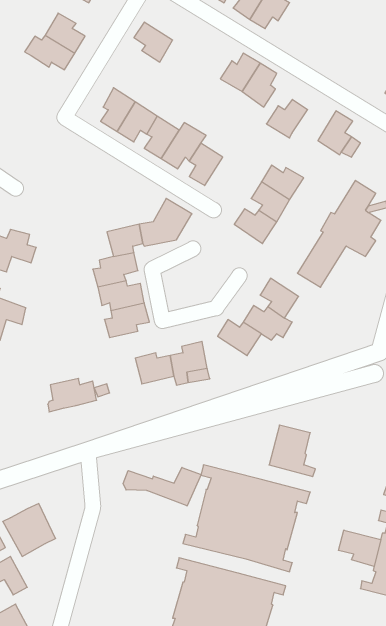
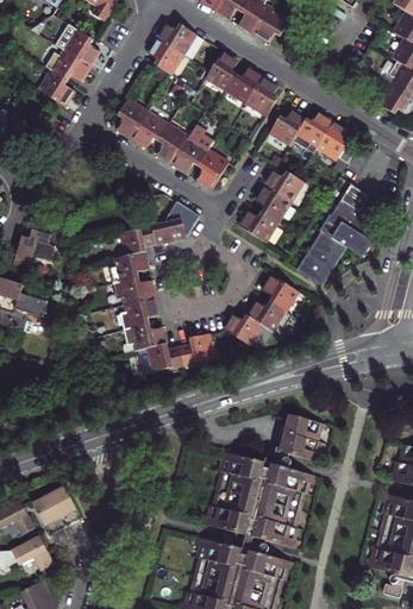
building: none -> [156,23,204,59]
building: none -> [206,51,238,90]
building: none -> [38,69,76,107]
building: none -> [293,111,333,149]
building: [48,378,97,412] -> [121,324,167,354]
building: [123,467,201,506] -> none
building: [338,530,381,567] -> none

